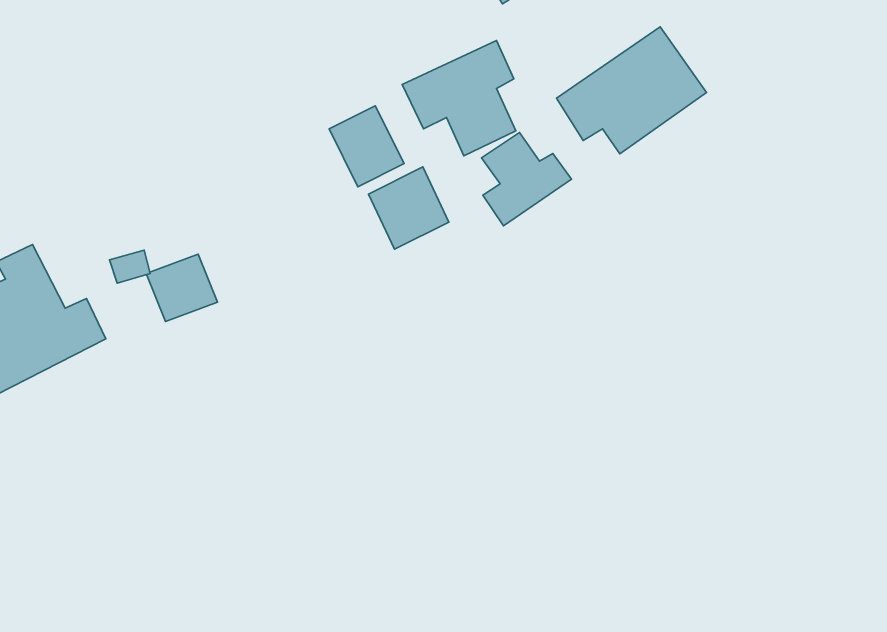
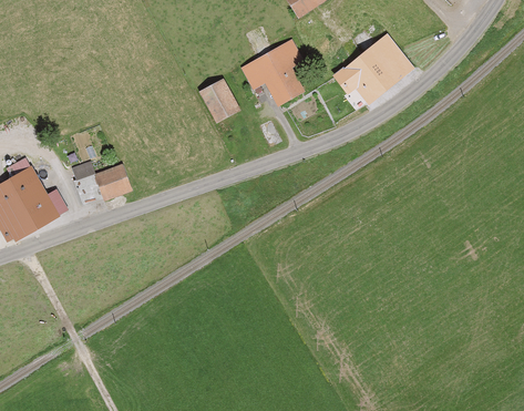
building: [482,133,571,226] -> none
building: [368,167,449,249] -> none

